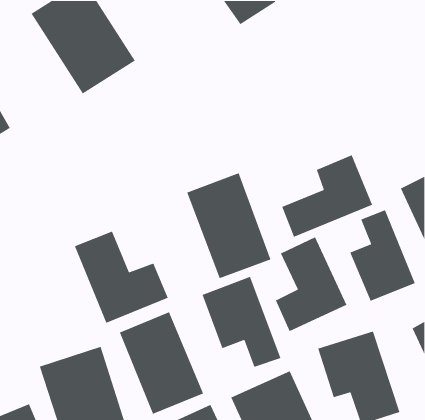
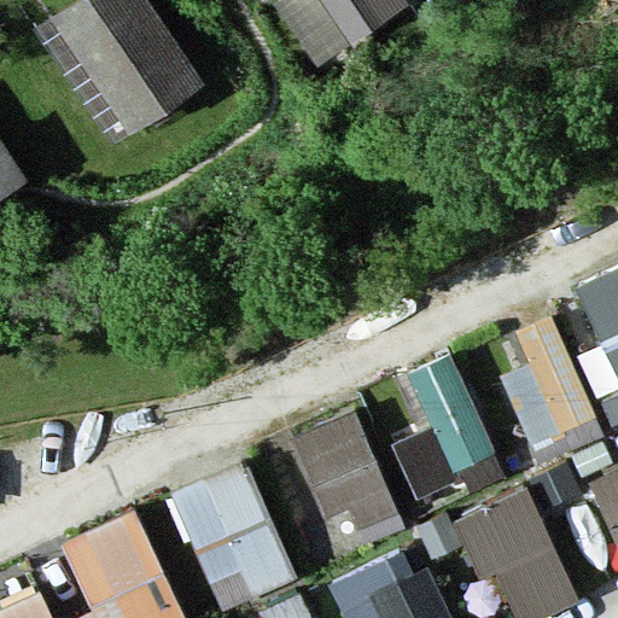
building: [281,154,373,238] -> none
building: [186,172,271,279] -> none
building: [74,231,169,324] -> none

